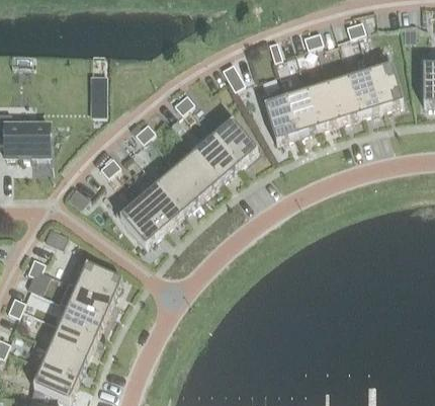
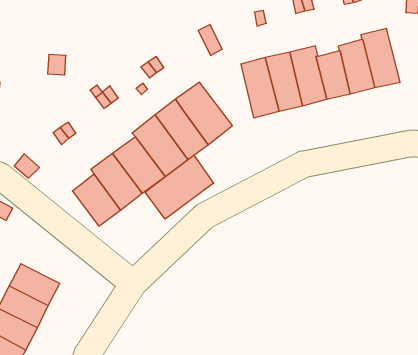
building: none -> [145,155,214,219]
building: [68,261,123,301] -> none

